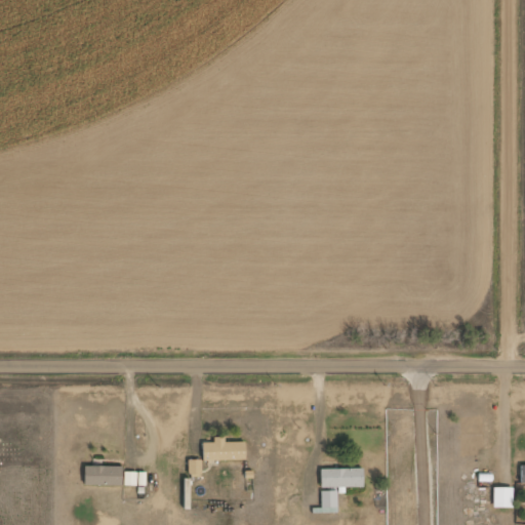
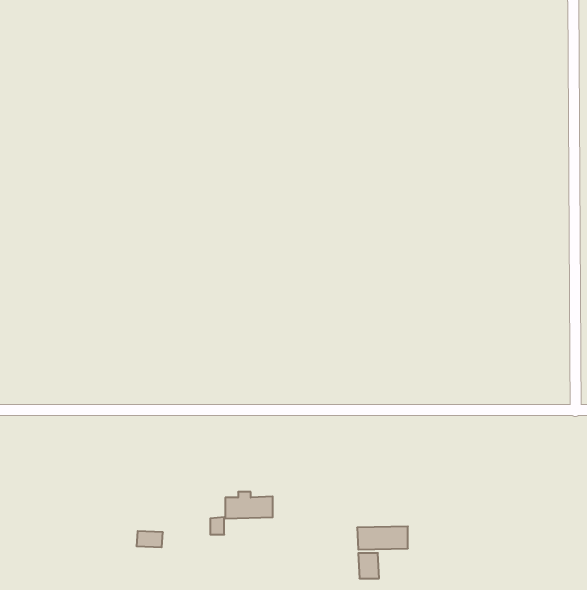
building: [84,466,122,485] -> none
building: [494,487,514,508] -> none

